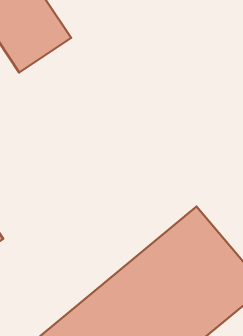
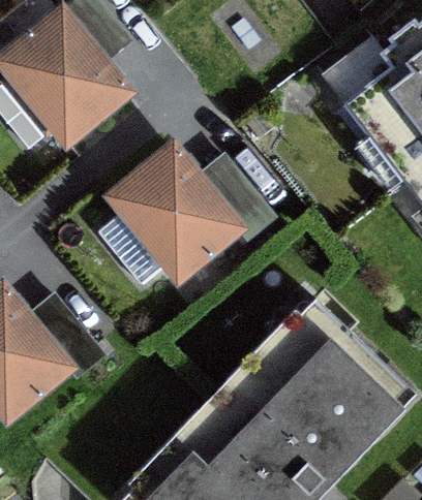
building: none -> [107,140,246,283]

